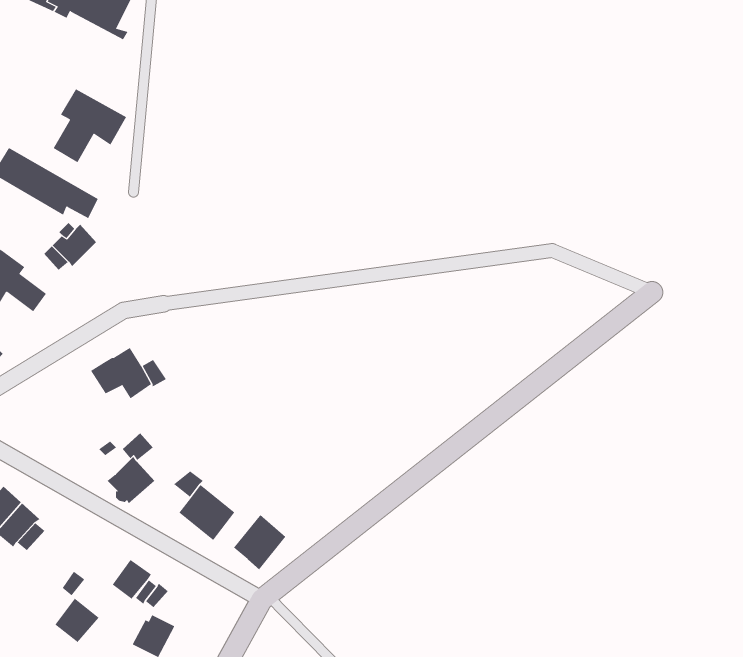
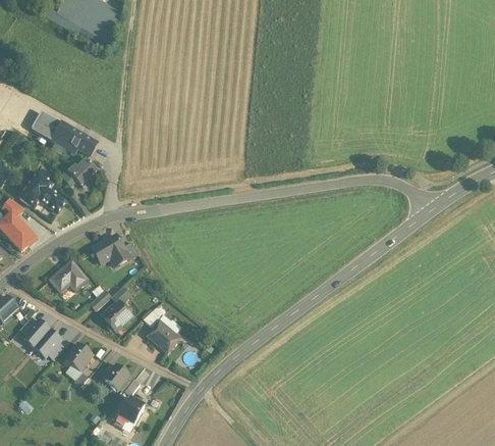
building: [53,88,127,163] -> none
building: none -> [49,260,88,292]
building: [233,514,286,570] -> none
building: [55,598,100,643] -> [65,342,93,369]

